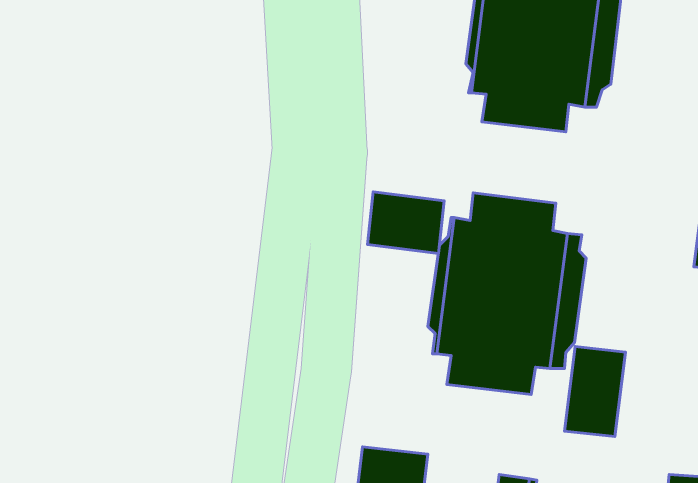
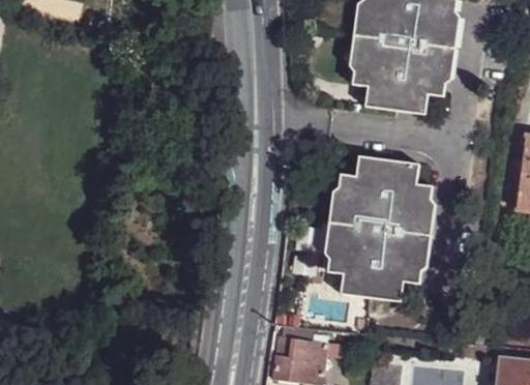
building: [367,192,444,254] -> none
building: [564,347,626,436] -> none

